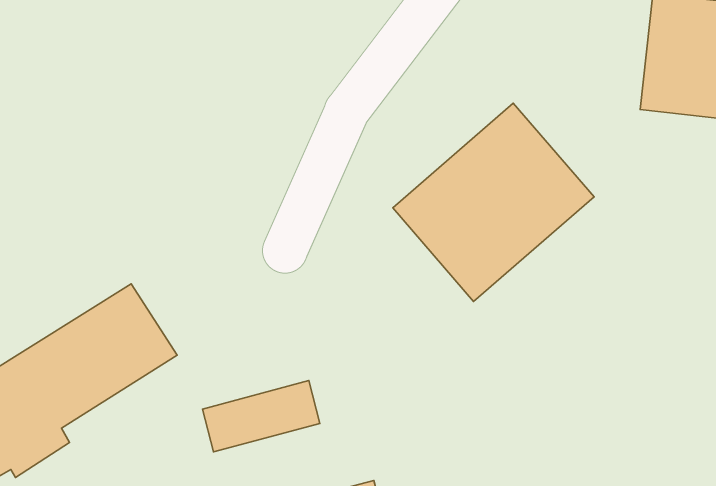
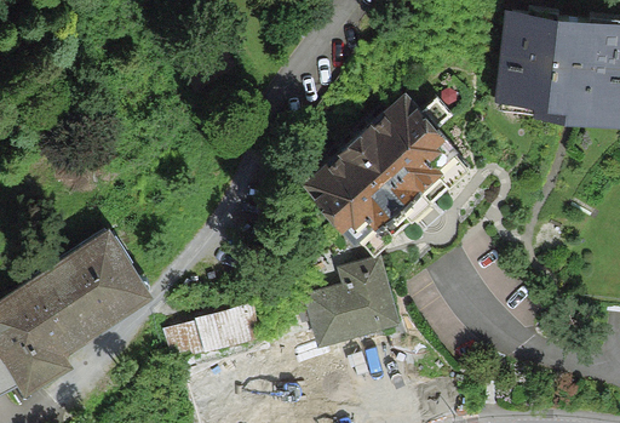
building: none -> [305,262,392,342]

